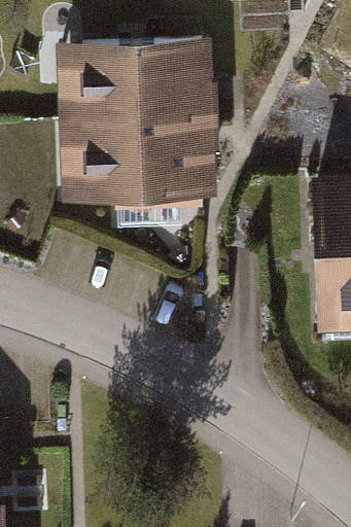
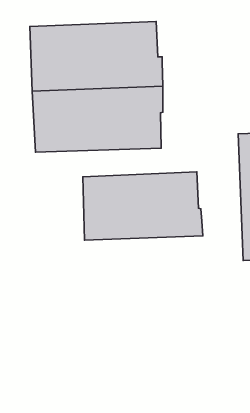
building: none -> [83,172,203,240]

